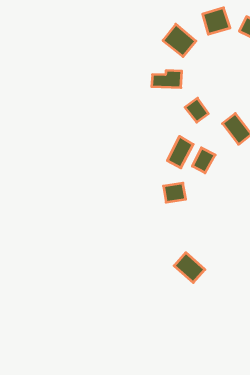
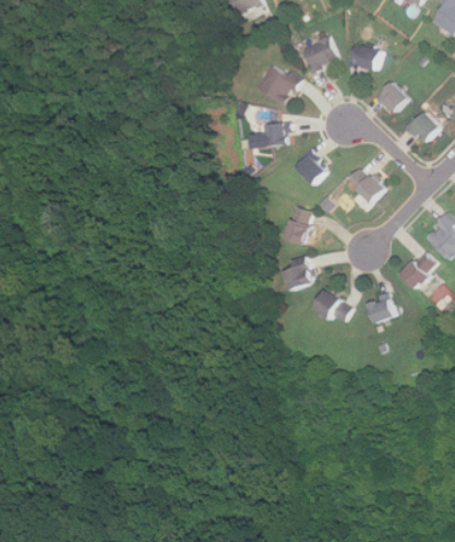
building: [192,148,215,173] -> none
building: none -> [366,294,394,322]
building: [174,253,205,283] -> [312,288,351,325]

